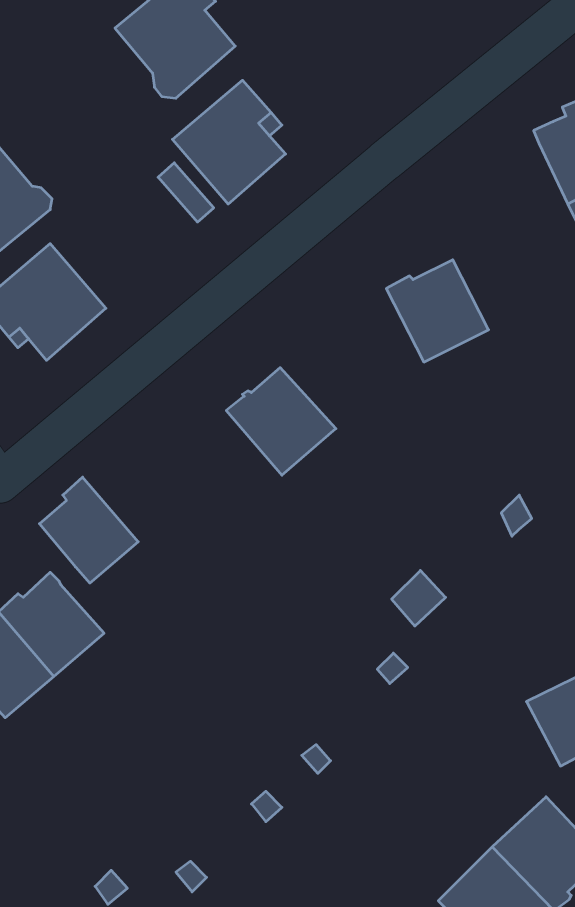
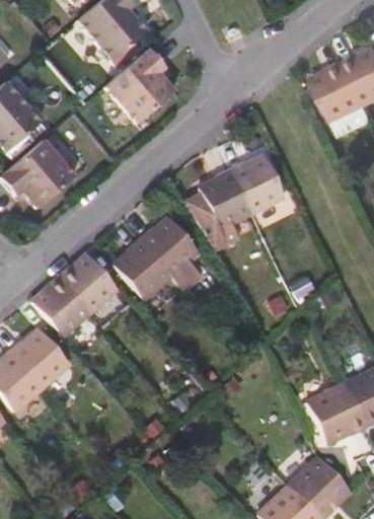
building: none -> [188,168,250,247]
building: none -> [116,237,170,297]
building: none -> [58,254,117,311]

